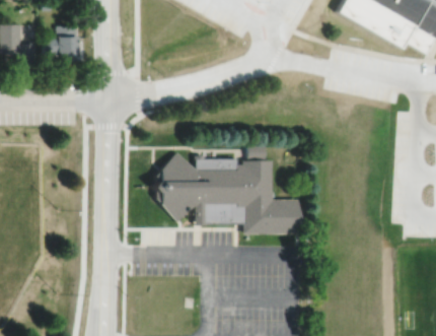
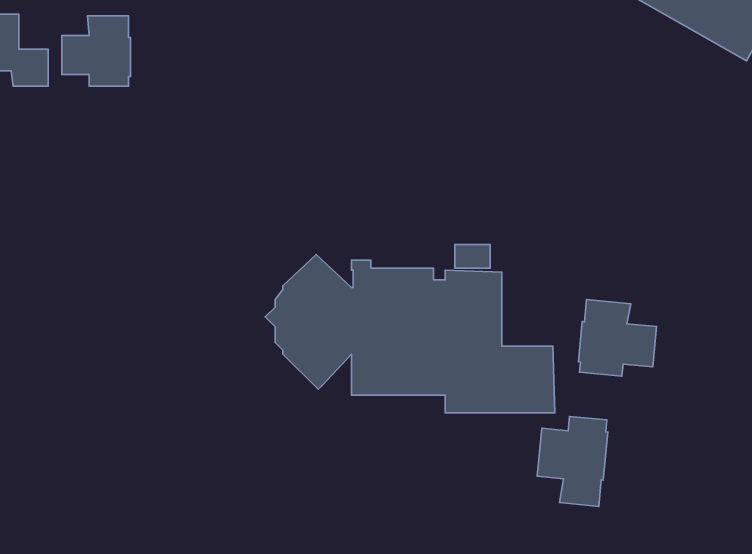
building: none -> [578,300,657,376]
building: none -> [537,416,608,506]

